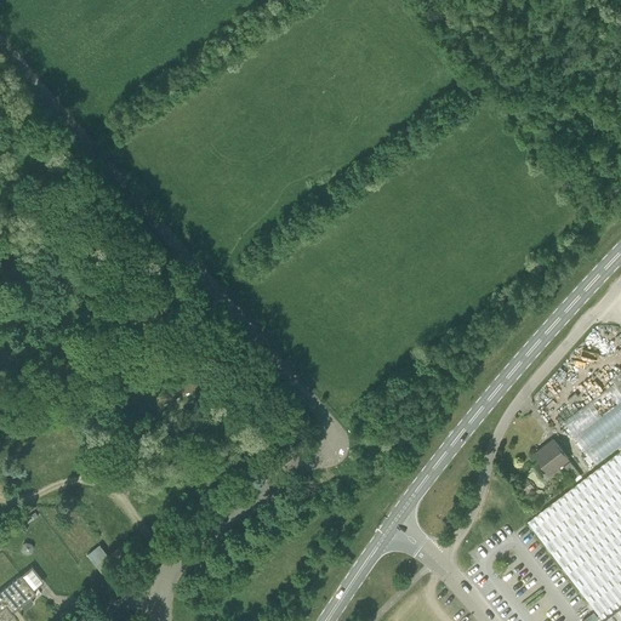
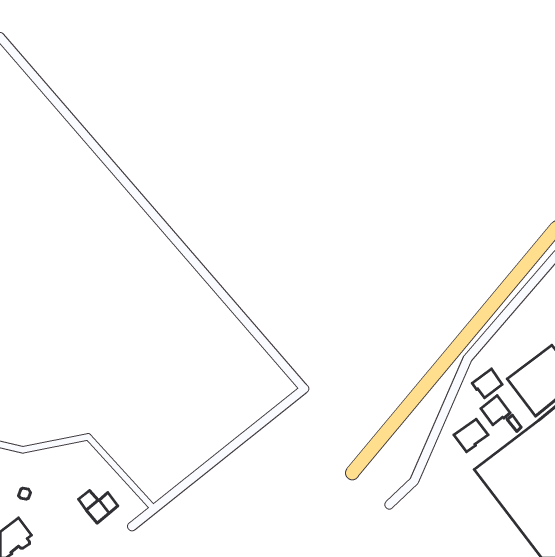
building: none -> [472,369,502,398]
building: none -> [454,419,488,452]

